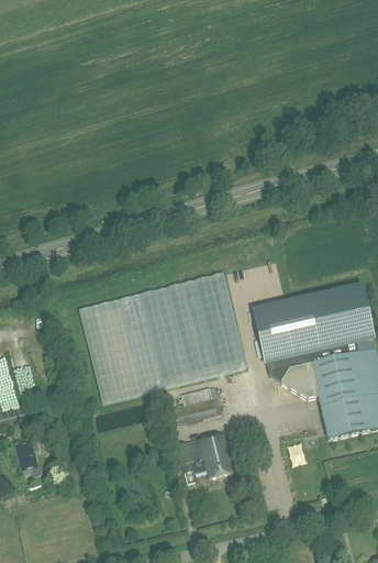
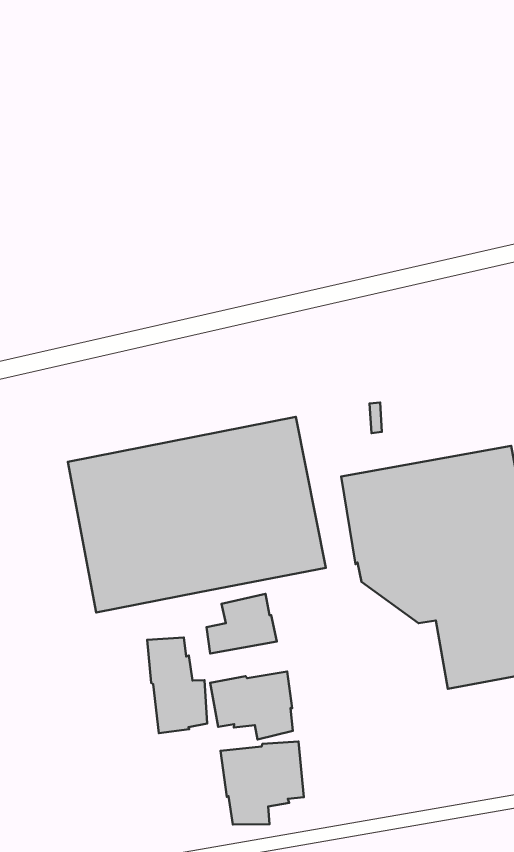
building: none -> [147,638,207,733]
building: none -> [221,742,304,825]

